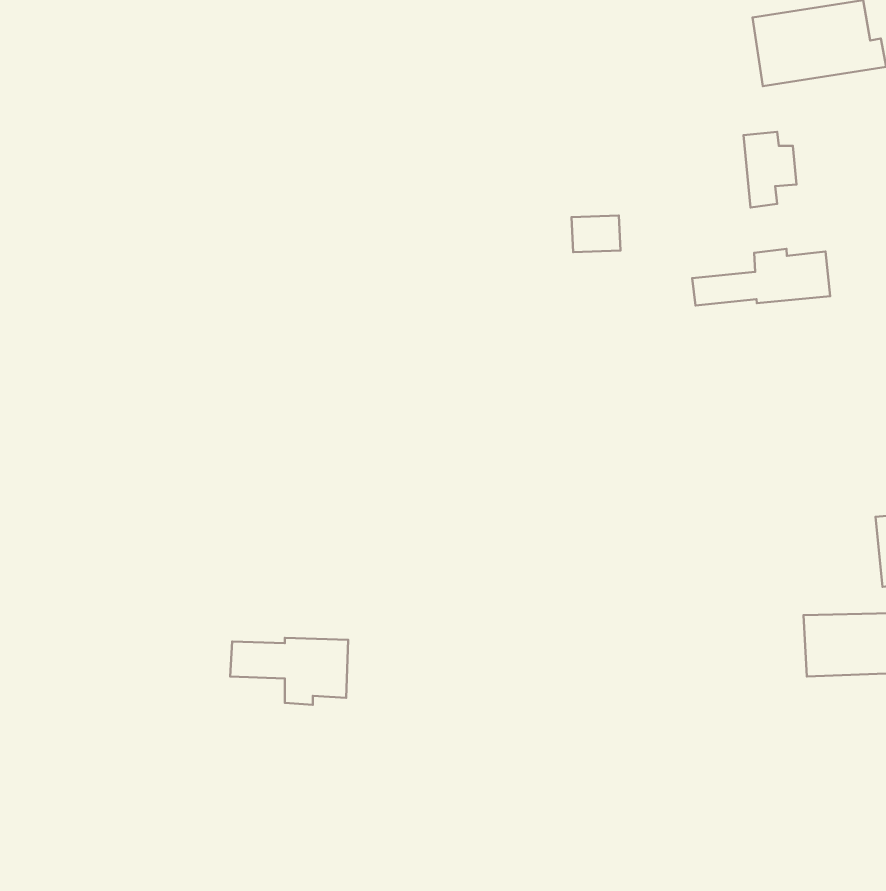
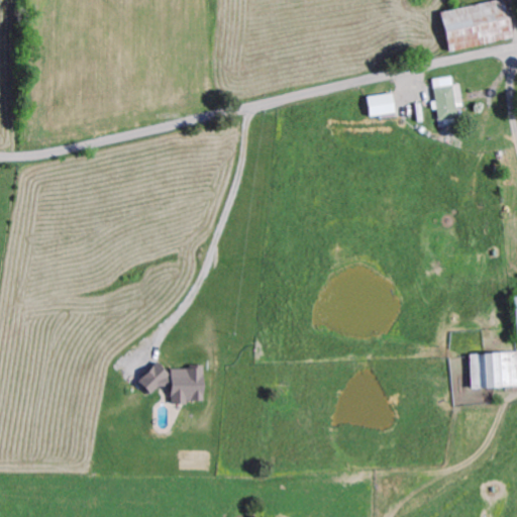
building: [571,215,621,252] -> [367,94,395,115]
building: [692,249,830,305] -> none

